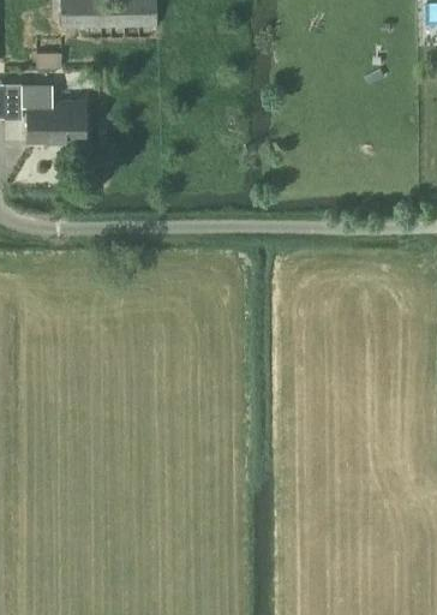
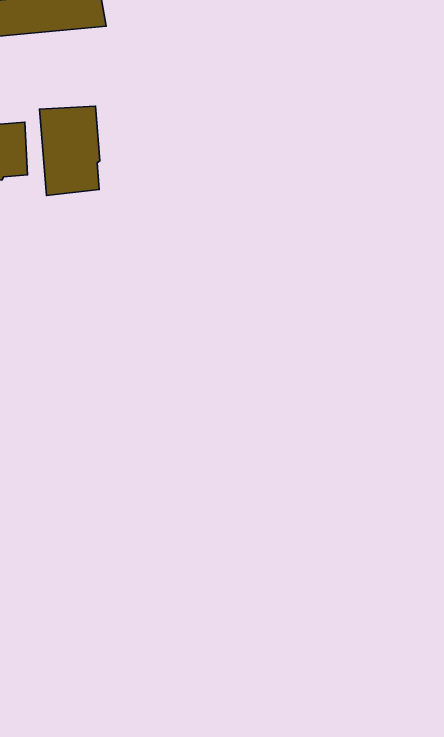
building: none -> [39,106,100,195]

